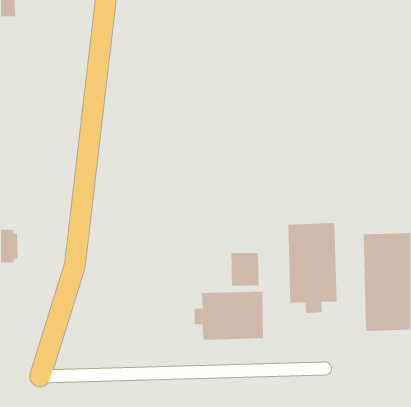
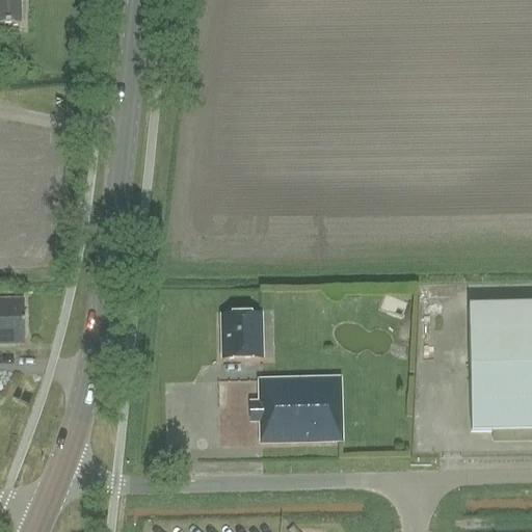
building: [288,222,337,314] -> none
building: [231,253,259,286] -> [223,312,261,355]

